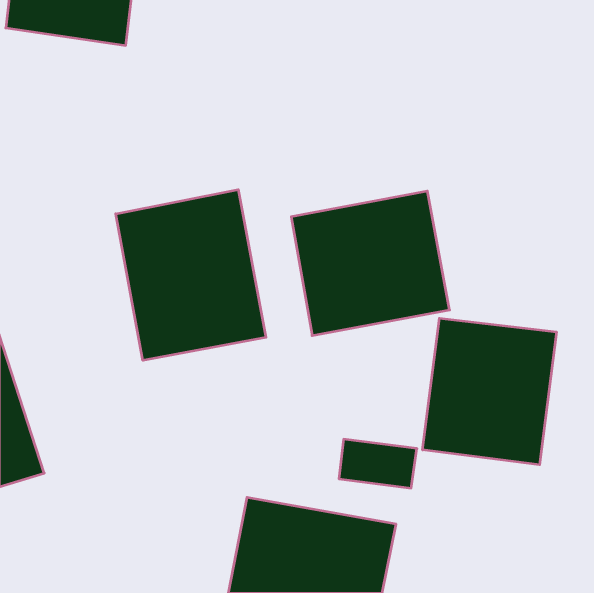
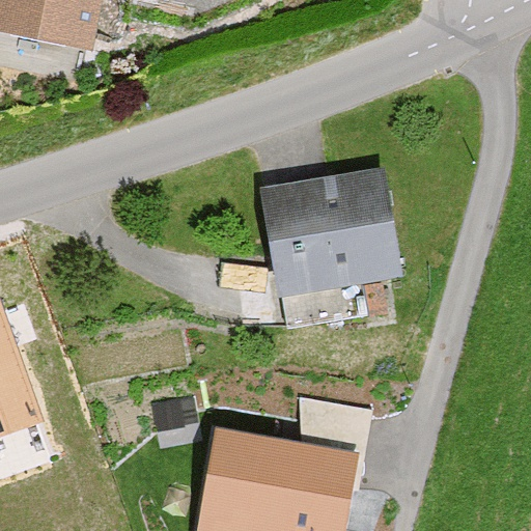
building: [116,190,266,360] -> none
building: [423,318,556,465] -> none

